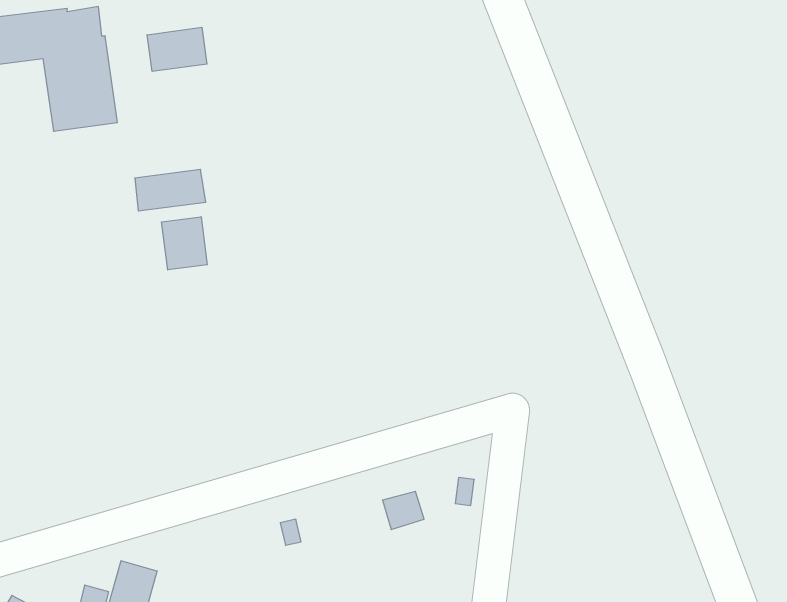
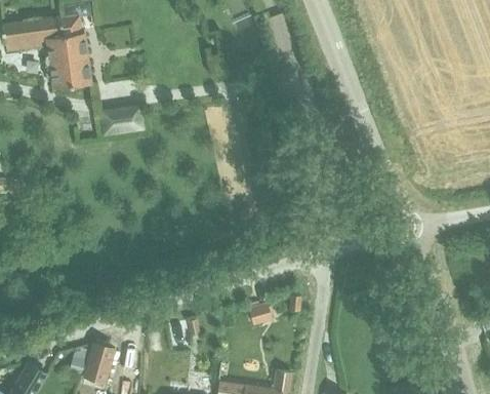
building: [147,27,207,71] -> none
building: [162,217,207,270] -> none

